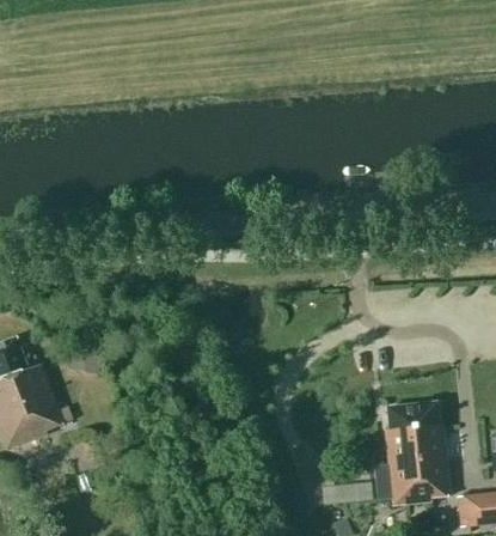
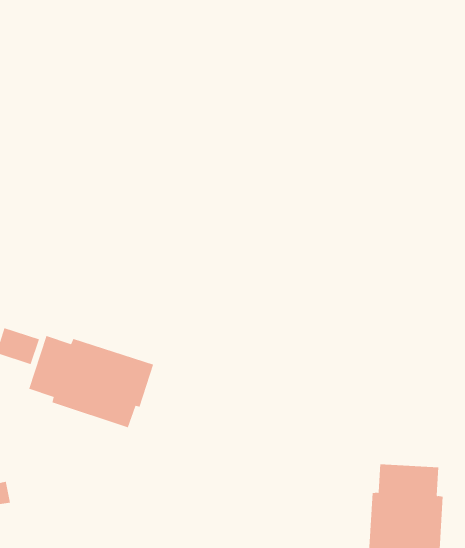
building: none -> [28,335,154,428]

